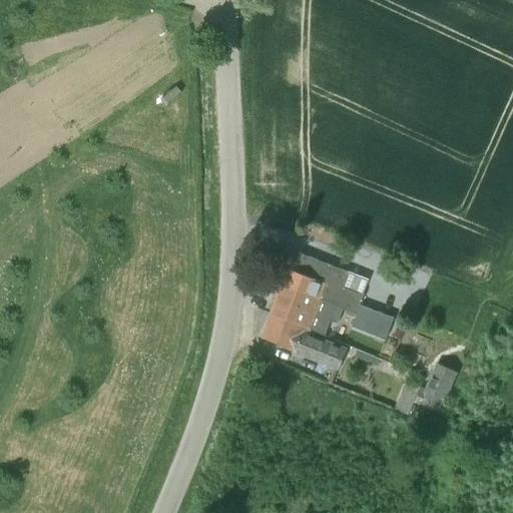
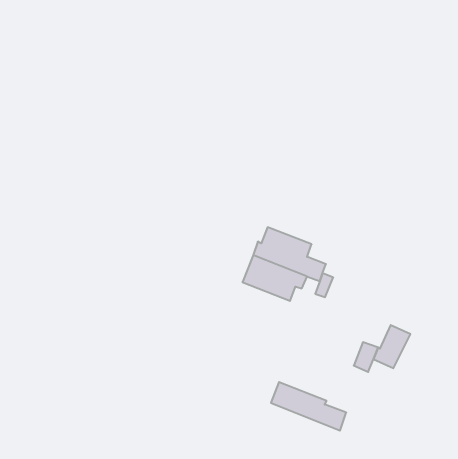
building: [364,310,394,340] -> none
building: [263,315,347,369] -> [271,382,346,431]

